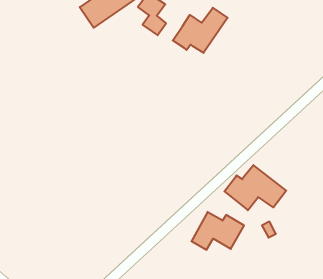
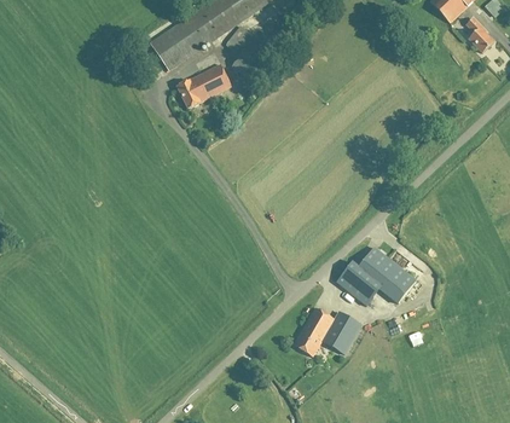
building: [173,8,228,53] -> none
building: none -> [175,63,231,108]

